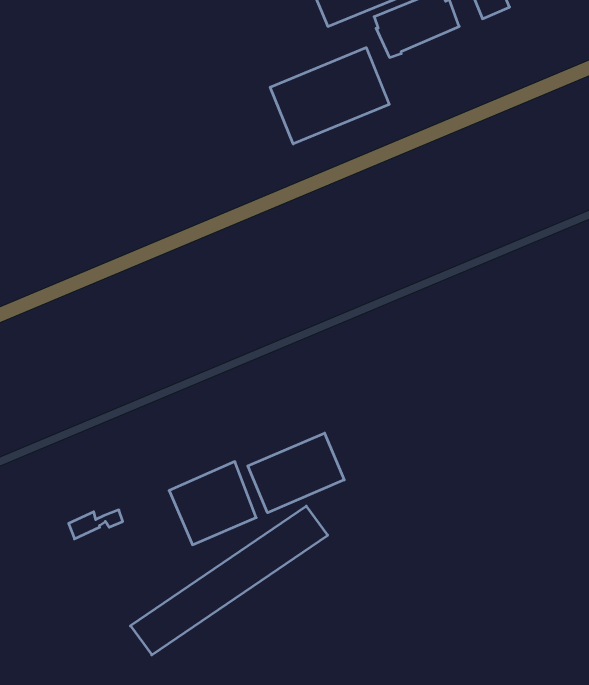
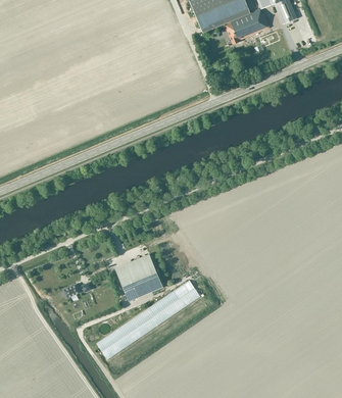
building: [270,48,389,144] -> none
building: [248,433,344,513] -> none

